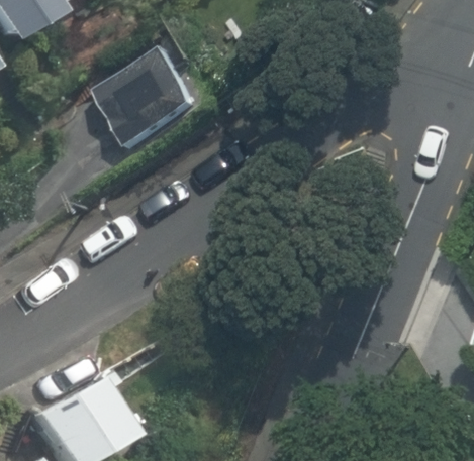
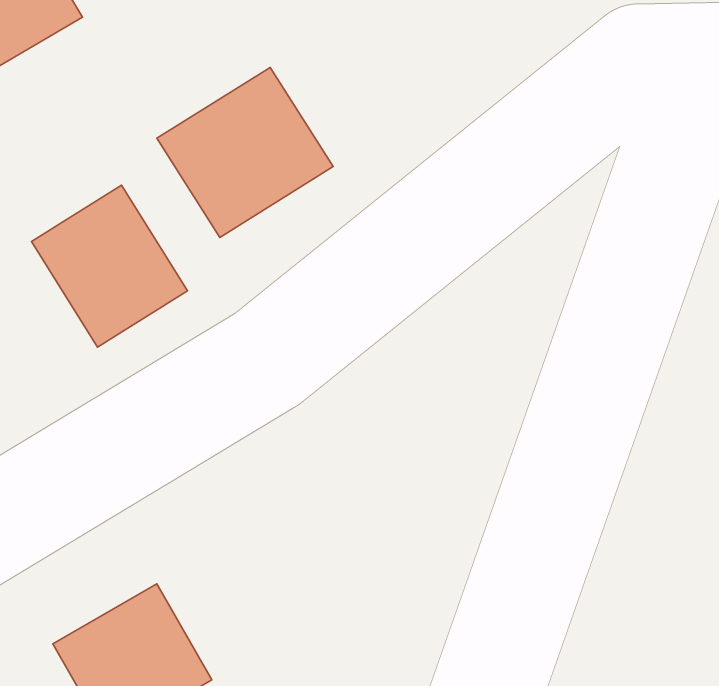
building: none -> [31,185,188,347]

